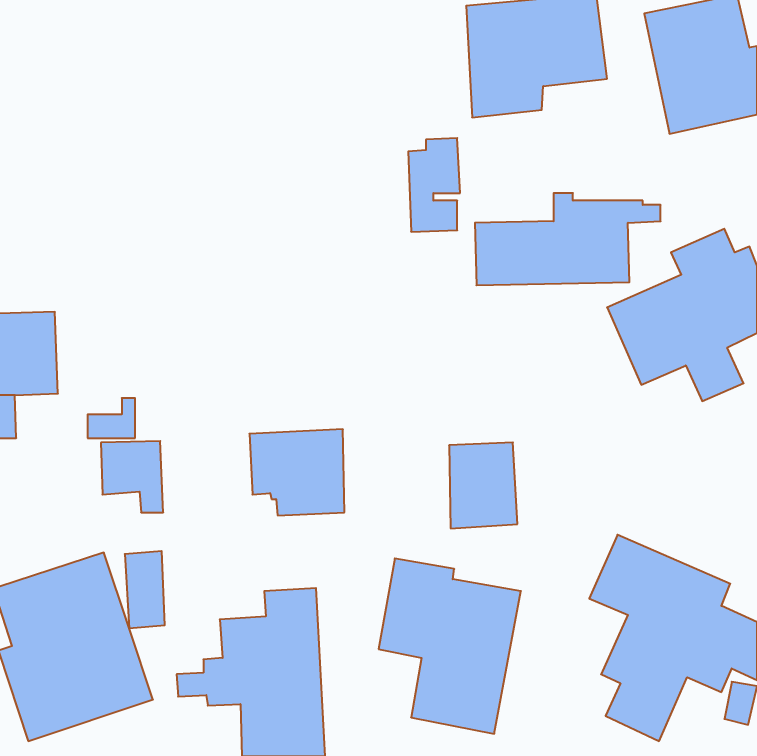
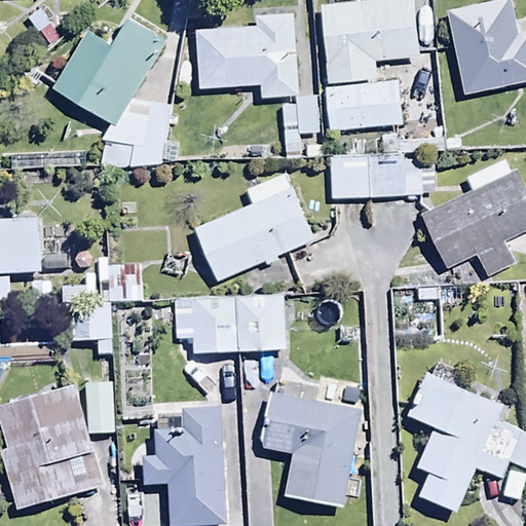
building: none -> [194,13,297,95]
building: none -> [52,14,171,168]
building: none -> [325,82,400,127]
building: none -> [194,173,315,281]
building: [449,442,517,528] -> [237,295,285,354]

